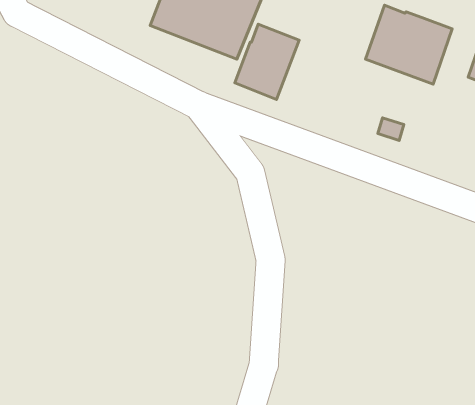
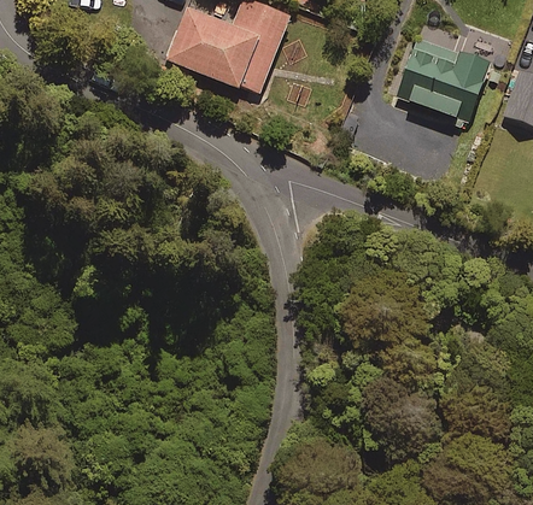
building: [235,24,299,99] -> none

